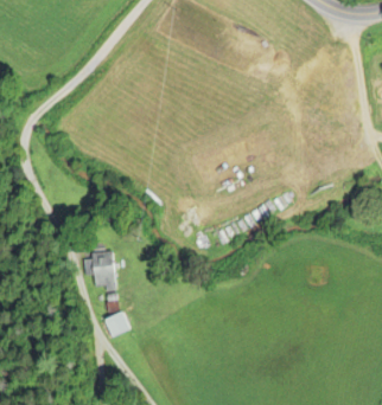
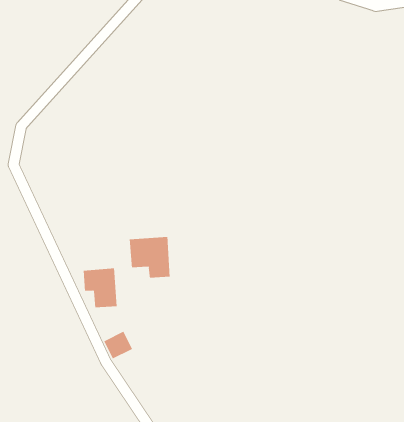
building: none -> [129,236,170,279]

